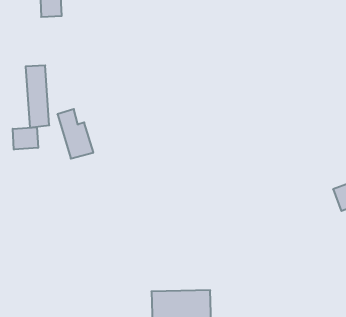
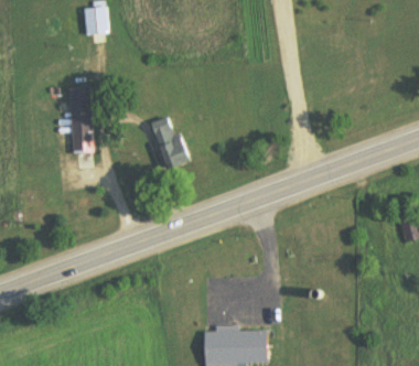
building: [57,109,93,159] -> [150,117,189,170]
building: [13,127,38,150] -> none

